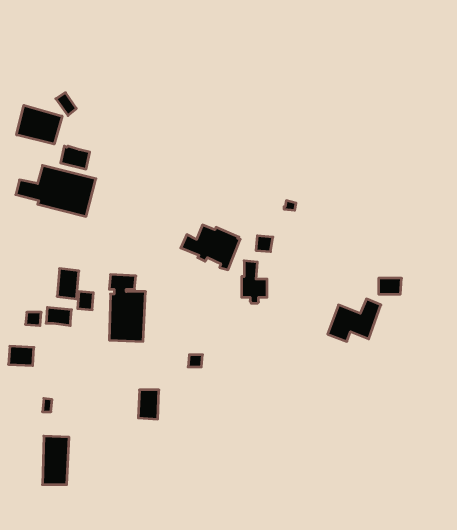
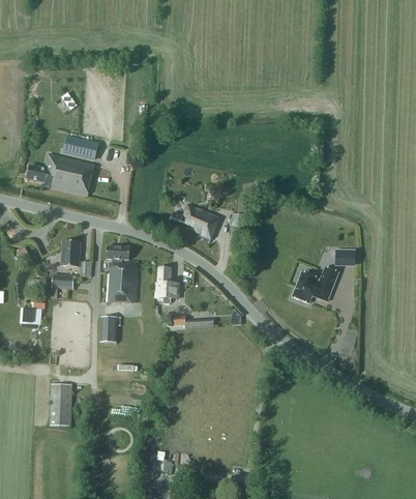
building: [17,105,62,144] -> none
building: [242,261,267,303] -> [156,267,178,303]
building: [138,390,159,419] -> [100,317,118,342]

